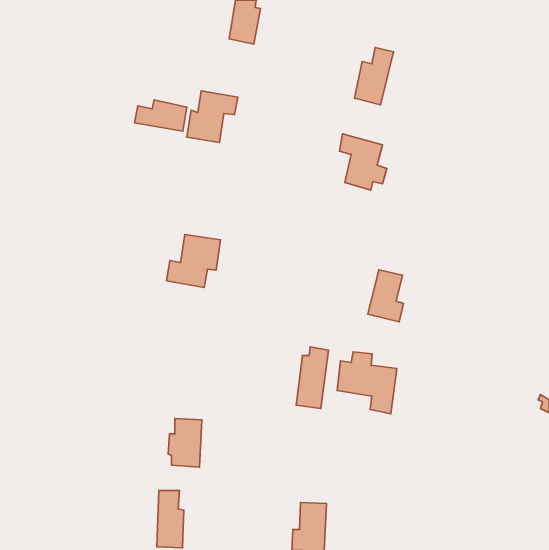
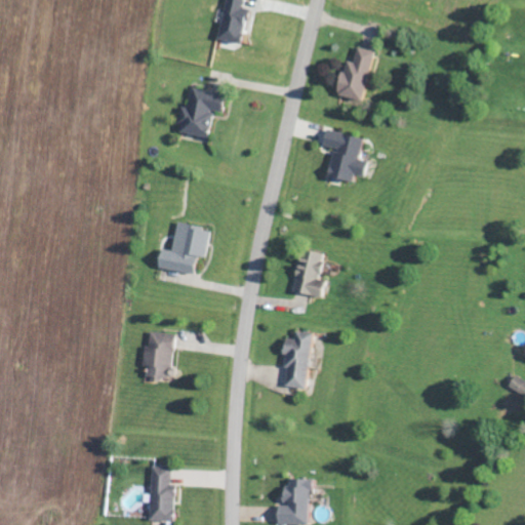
building: [135,100,187,131] -> none
building: [368,270,404,322] -> [290,249,324,298]
building: [337,352,397,414] -> none
building: [168,419,202,467] -> [142,333,173,379]

